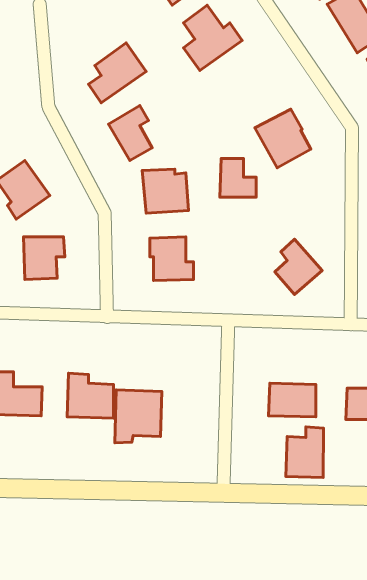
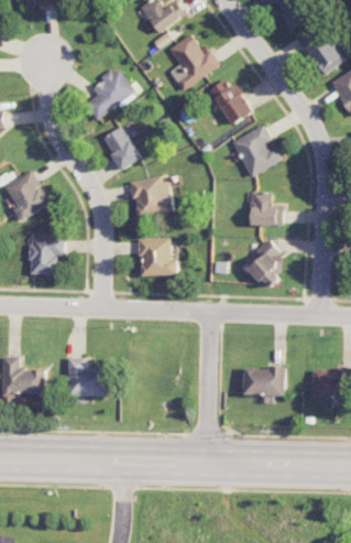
building: none -> [208,80,253,127]
building: [220,158,256,197] -> [250,192,282,226]
building: [115,390,162,443] -> none
building: [286,427,323,478] -> none

